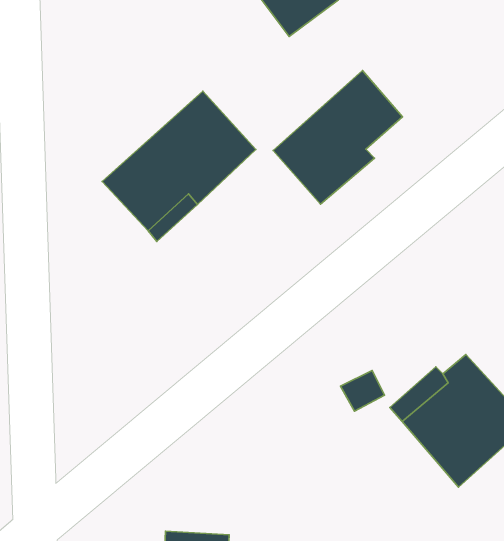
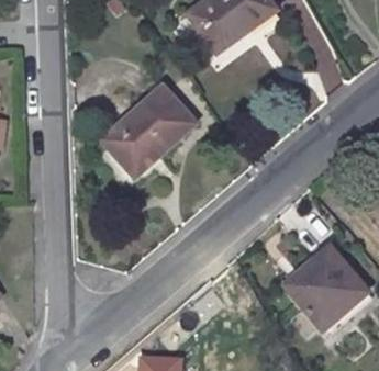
building: [273,70,403,204] -> none

